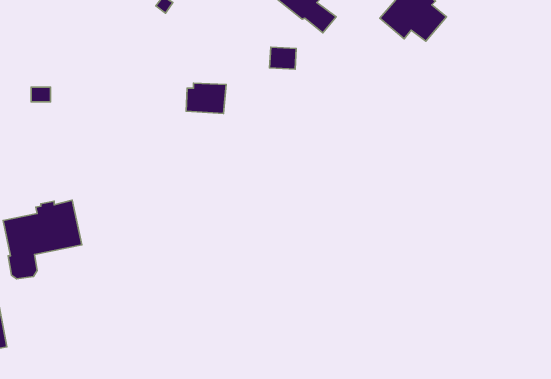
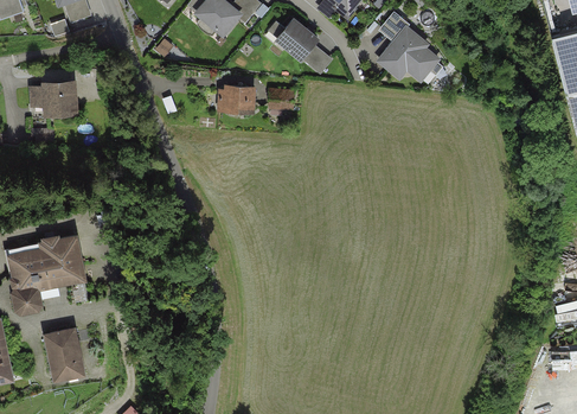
building: none -> [28,78,78,117]
building: [186,83,226,114] -> [217,83,256,113]
building: none -> [45,327,83,380]

